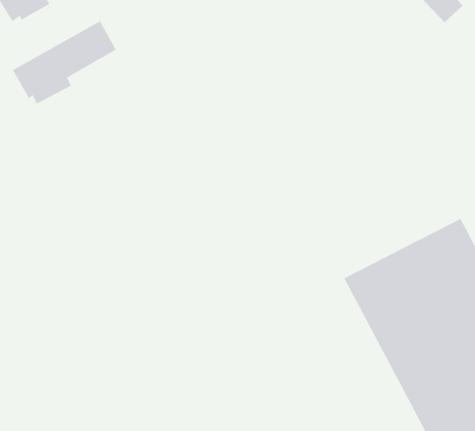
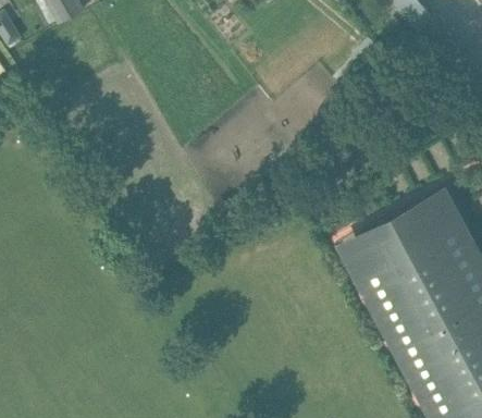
building: [12,20,117,105] -> none

